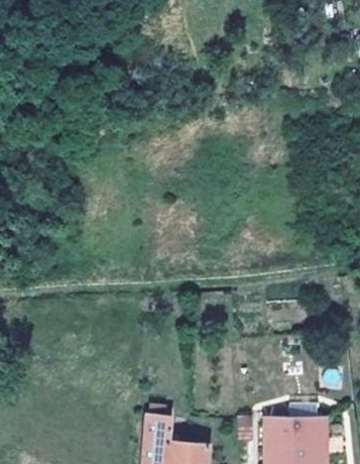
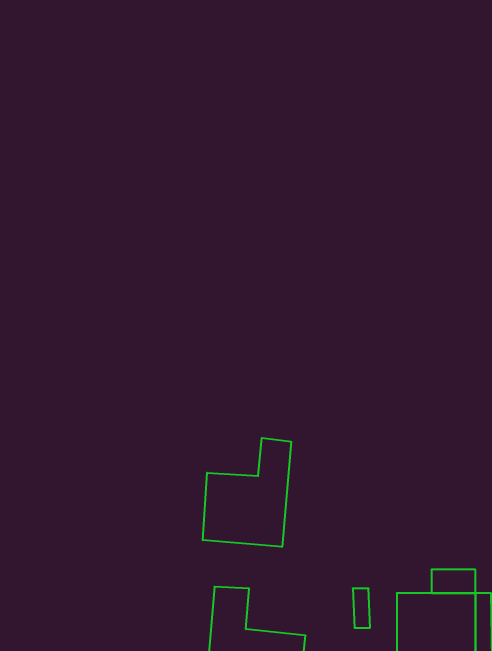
building: none -> [203,438,291,547]

